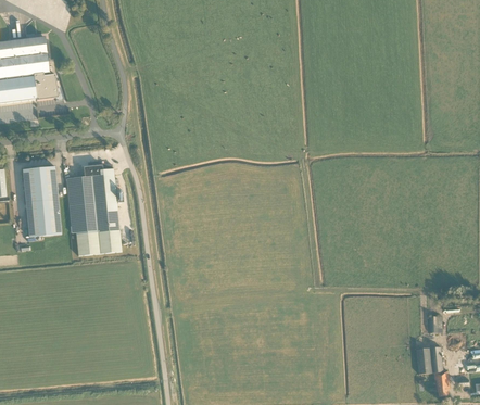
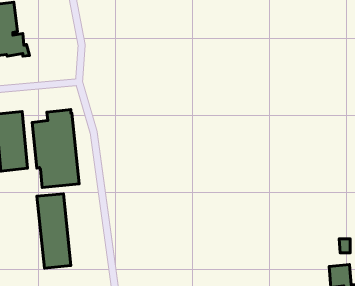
building: none -> [37,194,71,268]

